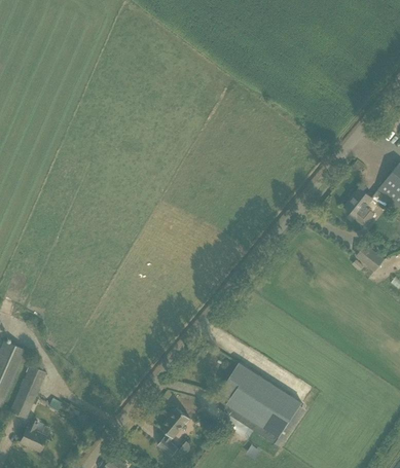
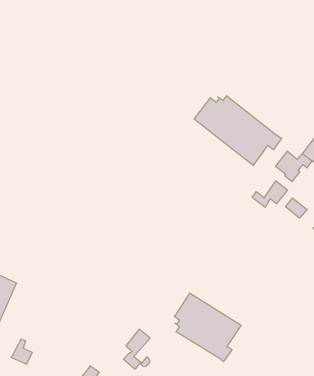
building: none -> [194,96,281,165]
building: none -> [252,181,288,207]
building: [10,366,45,418] -> none

